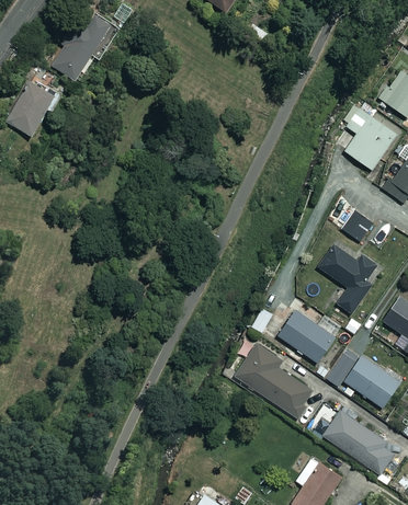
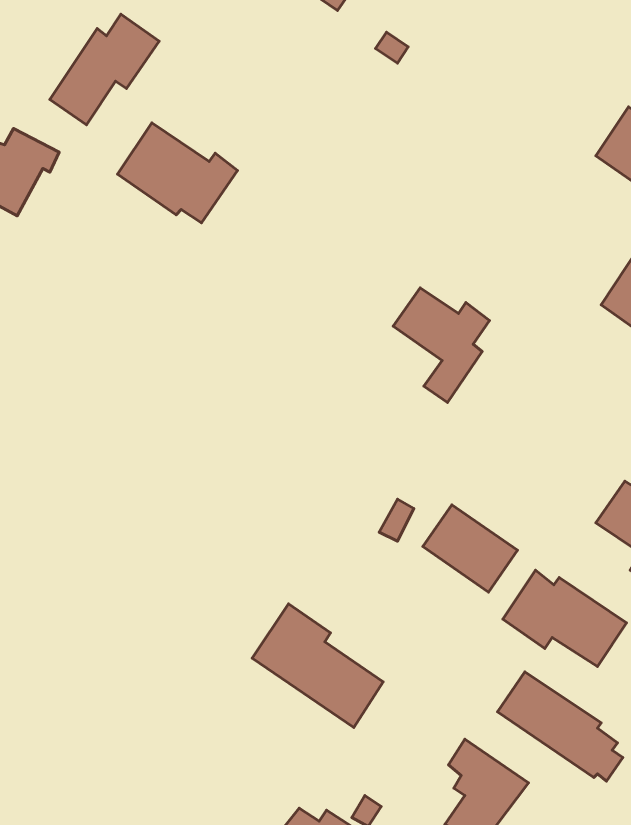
building: none -> [118,123,238,223]
building: [344,107,395,169] -> none
building: [342,210,372,241] -> none
building: [317,244,375,313] -> [393,288,489,402]
building: [234,342,313,416] -> [252,604,383,727]

